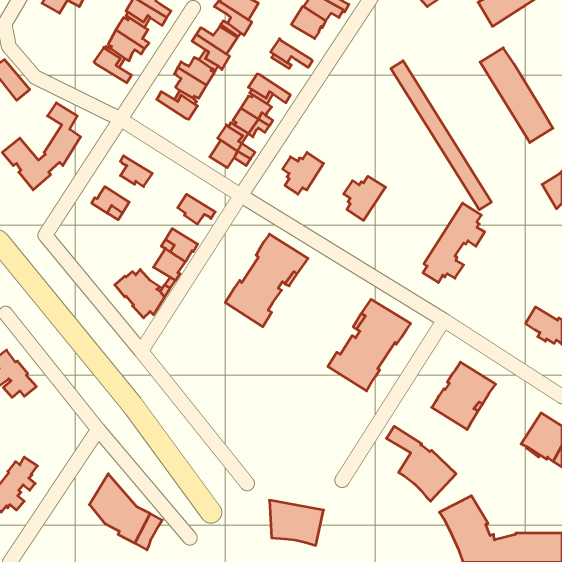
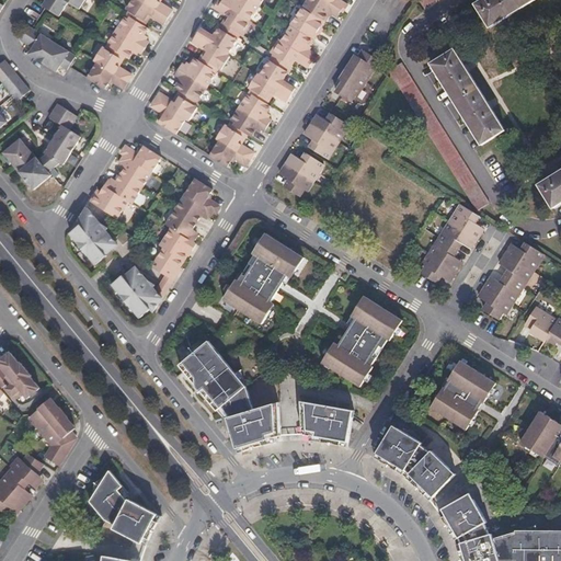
building: none -> [20,24,76,70]
building: none -> [279,25,312,59]
building: [480,48,553,143] -> [431,48,503,142]
building: none -> [335,48,378,99]
building: none -> [259,59,293,94]
building: none -> [85,64,126,90]
building: none -> [151,99,184,134]
building: none -> [121,145,161,172]
building: none -> [104,174,139,203]
building: [344,176,386,220] -> [305,112,346,156]
building: none -> [185,178,219,213]
building: none -> [71,207,117,264]
building: none -> [165,211,197,241]
building: none -> [476,239,540,316]
building: none -> [179,340,279,450]
building: none -> [26,397,73,465]
building: none -> [370,435,408,469]
building: [269,500,324,545] -> [299,400,353,445]

